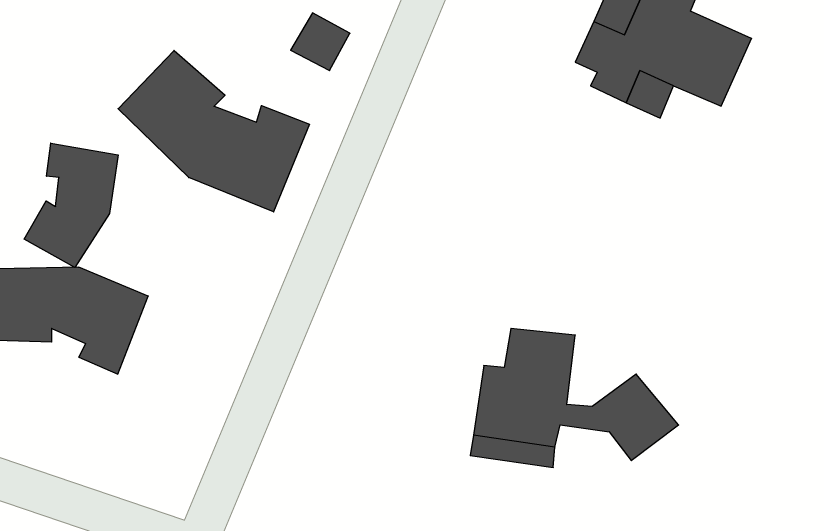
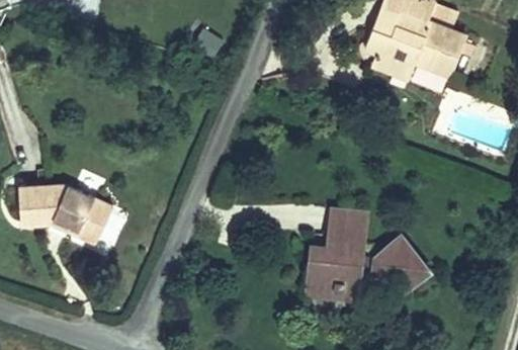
building: [118,50,310,212] -> none
building: [24,143,118,267] -> none

